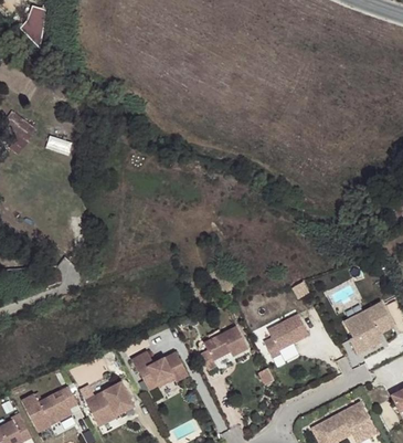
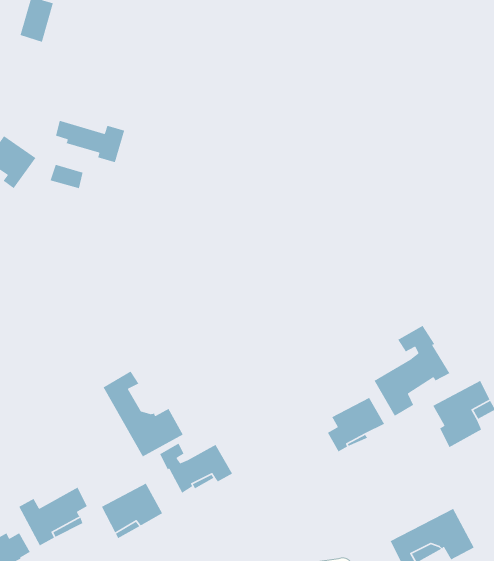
building: none -> [55,120,125,163]
building: none -> [374,325,451,417]
building: none -> [102,370,184,457]
building: [200,325,247,369] -> none

